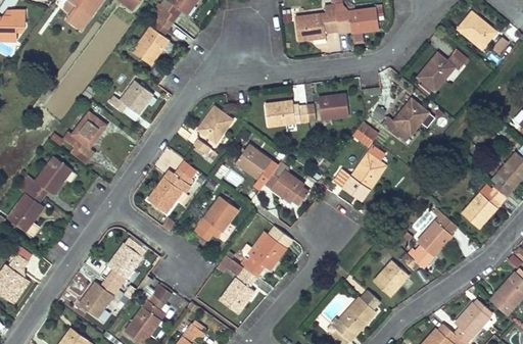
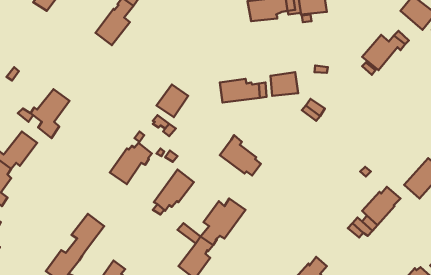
building: [109,81,152,113] -> none
building: [383,99,435,140] -> none
building: [235,143,271,186] -> none
building: [334,147,385,202] -> none
building: [374,260,409,296] -> none

